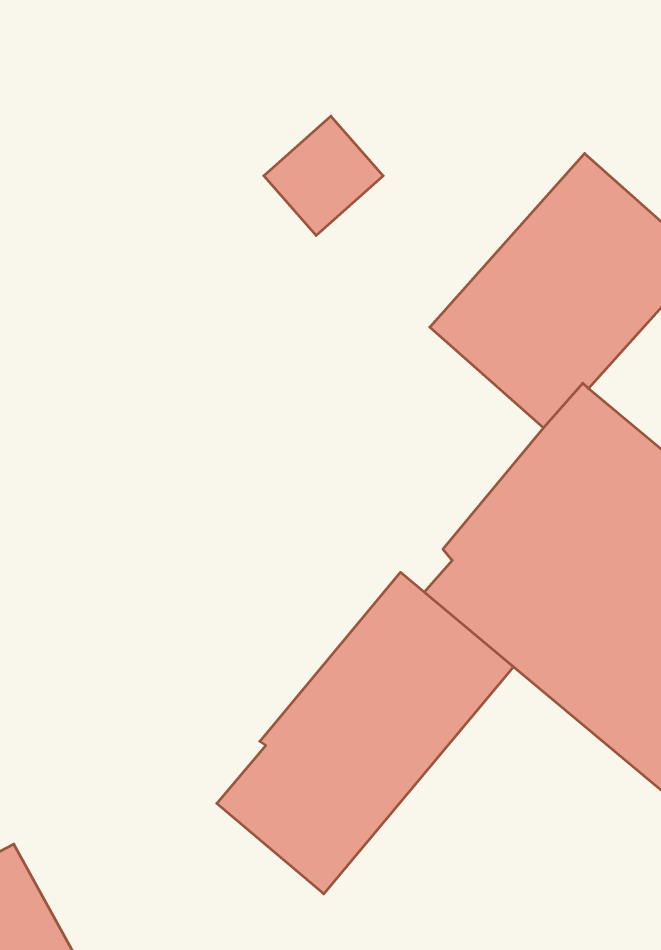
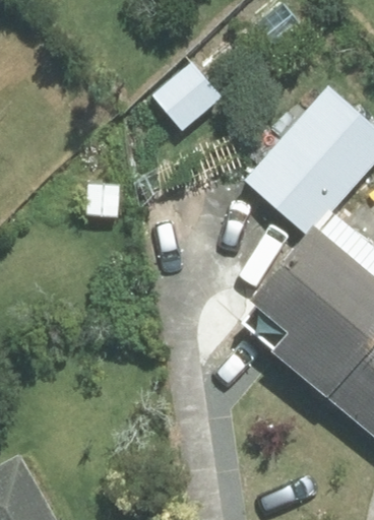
building: [217,572,513,894] -> none

